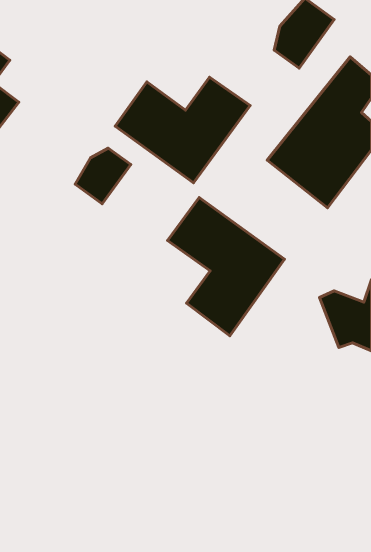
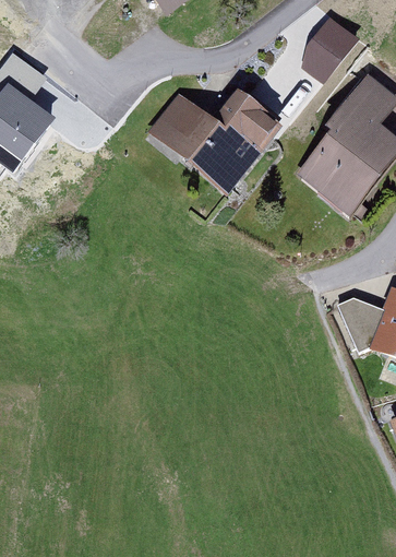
building: [75,148,131,204] -> none
building: [168,197,284,336] -> none

